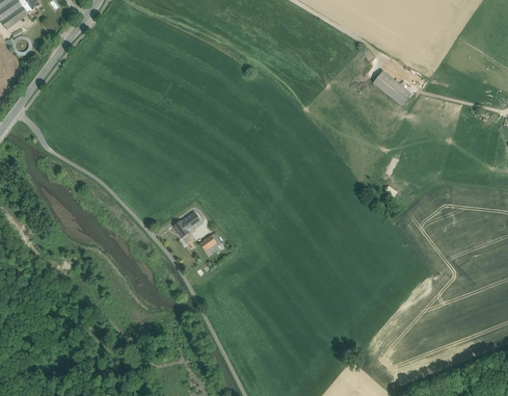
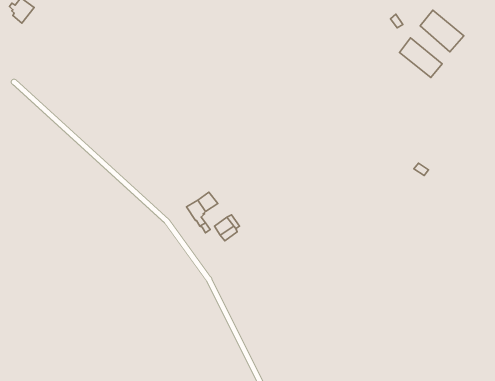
building: none -> [420,10,464,52]

